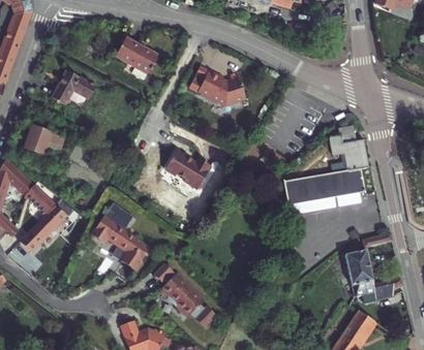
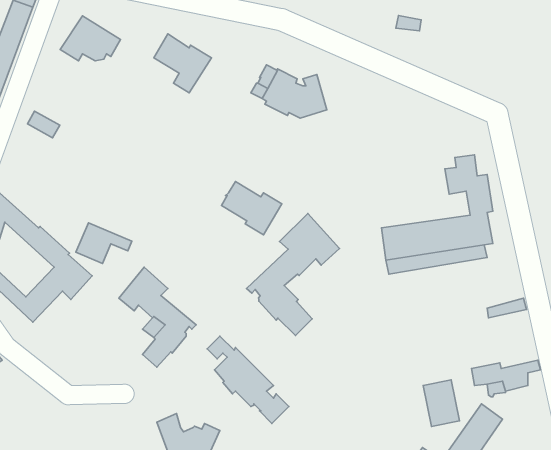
building: [52,67,96,100] -> [60,16,121,61]
building: [23,123,64,153] -> [76,223,132,264]
building: none -> [246,213,340,336]
building: [345,250,372,284] -> [423,380,460,426]

